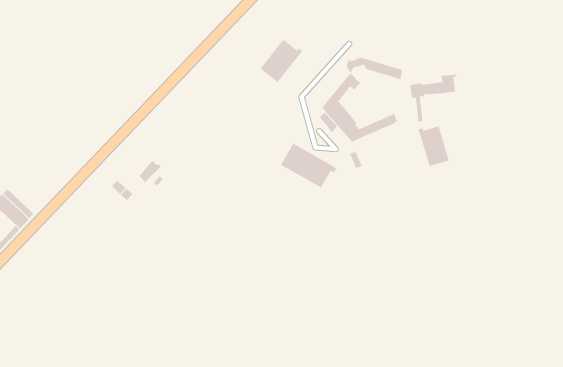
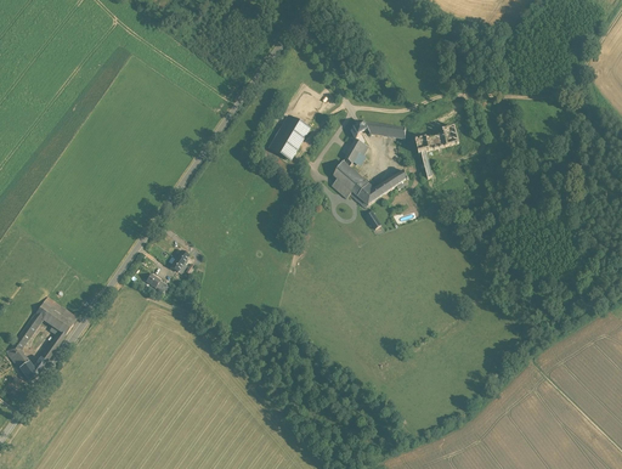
building: [418,125,450,167] -> none
building: [280,143,337,188] -> none

